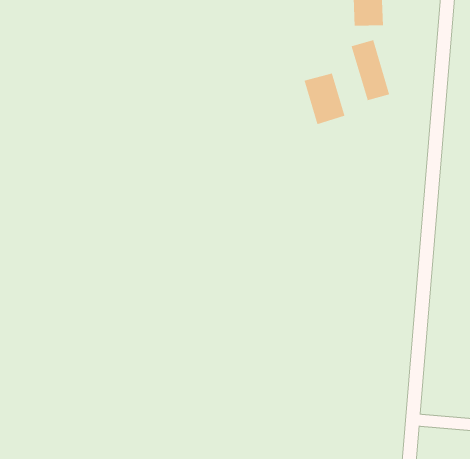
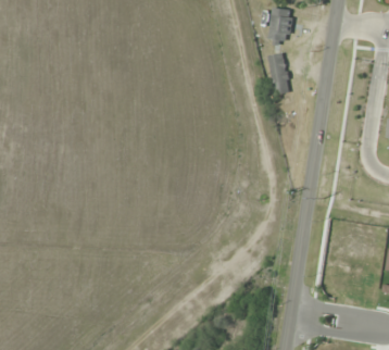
building: [303,73,345,125] -> none

